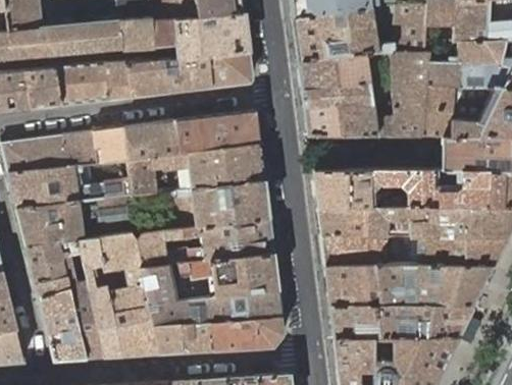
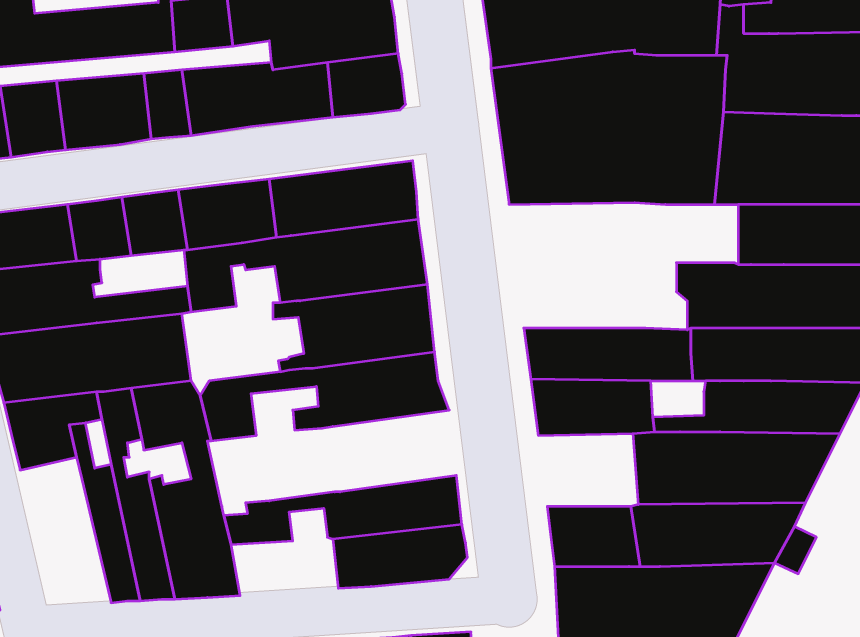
building: [313,167,409,206] -> none
building: [140,251,279,305] -> none
building: [325,264,381,305] -> none
building: [35,277,86,361] -> none
building: [153,322,213,354] -> none

